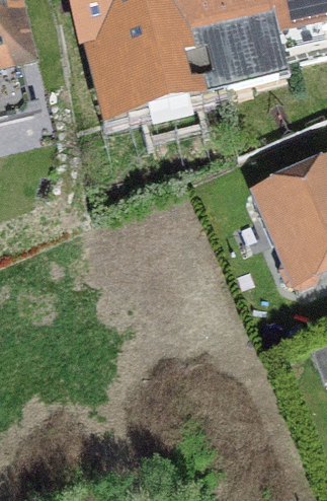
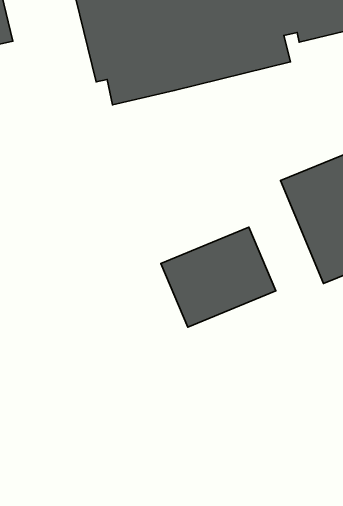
building: none -> [161,227,276,327]

